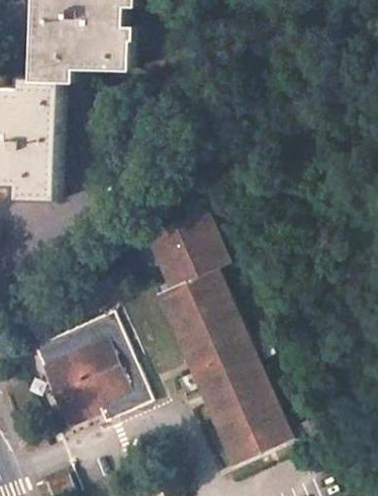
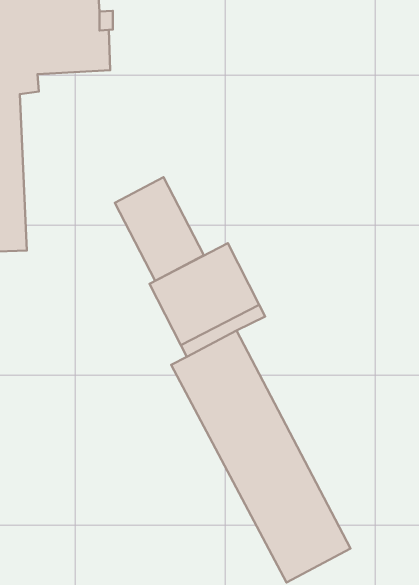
building: none -> [115,177,204,281]
building: [41,316,151,426] -> none

